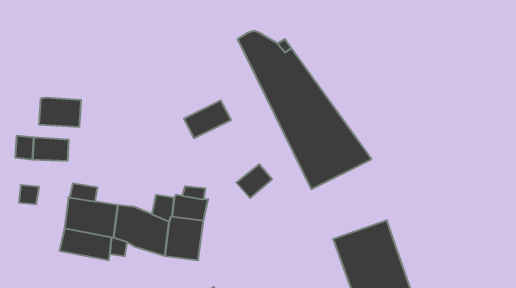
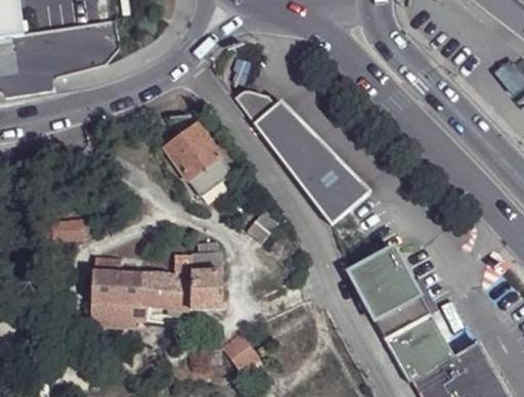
building: none -> [165,125,221,180]
building: [39,98,81,127] -> none

